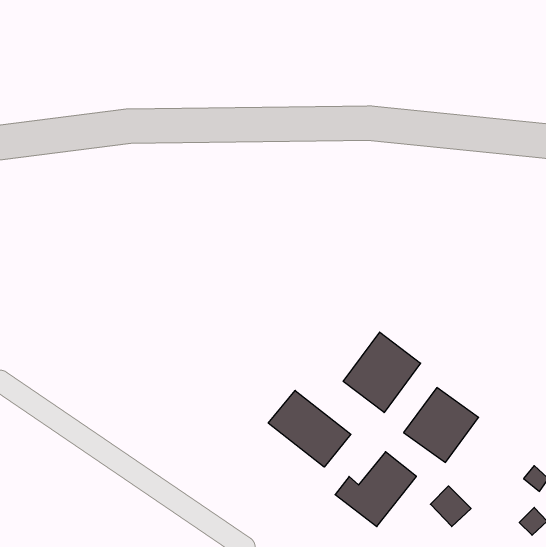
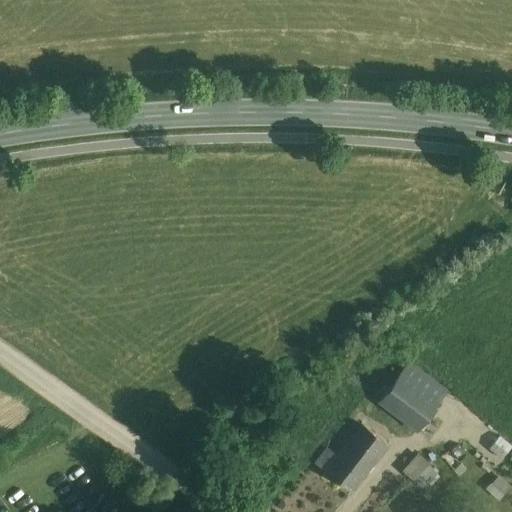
building: [343,332,421,413] -> none
building: [268,390,351,467] -> none

